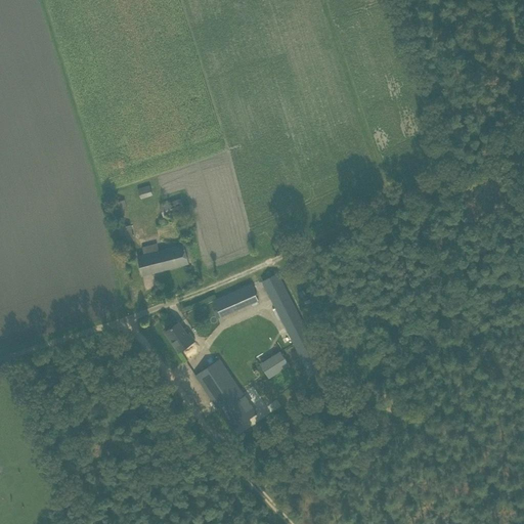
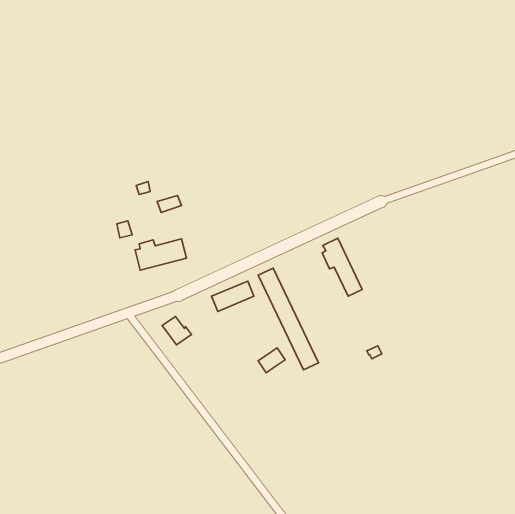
building: none -> [322,238,362,296]
building: [195,358,256,429] -> none

